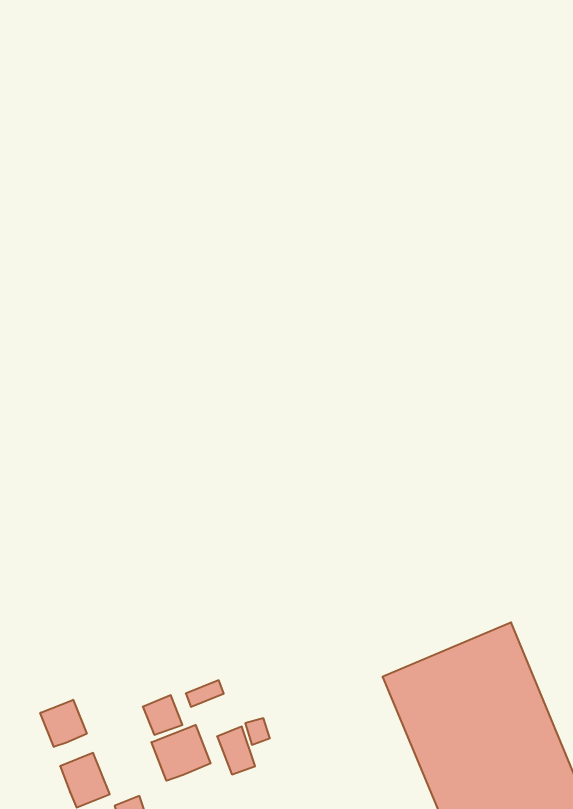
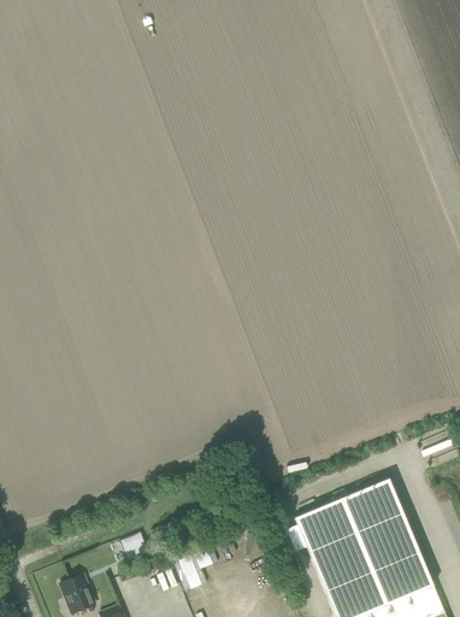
building: [40,700,87,747] -> none
building: [151,725,211,781] -> none

